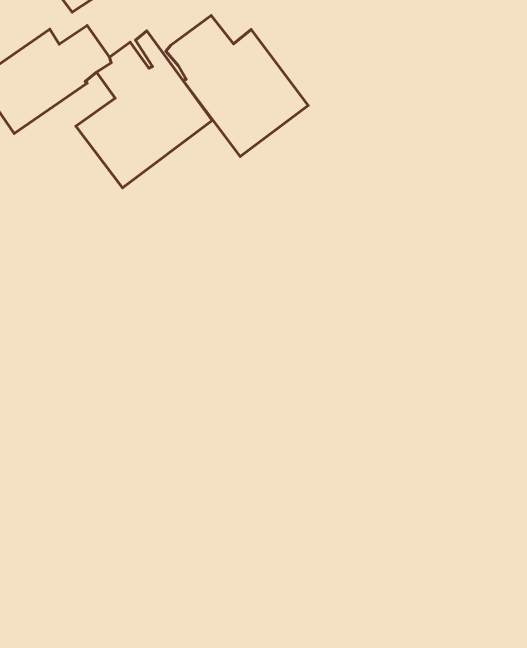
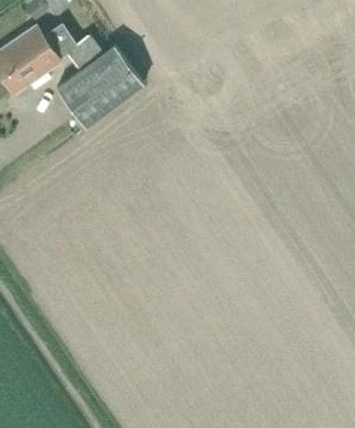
building: [166,15,308,157] -> none

